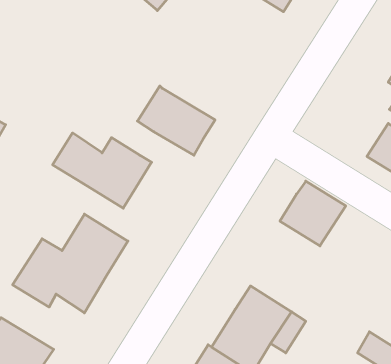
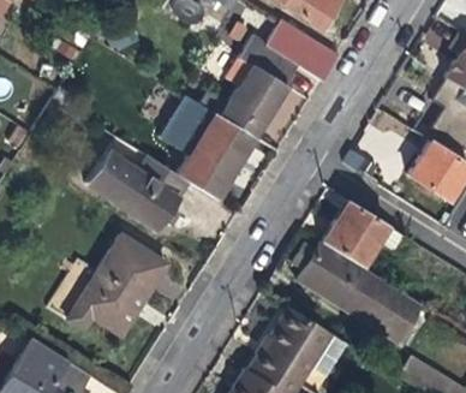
building: none -> [201,22,340,138]
building: none -> [178,150,233,198]
building: none -> [294,242,420,340]

